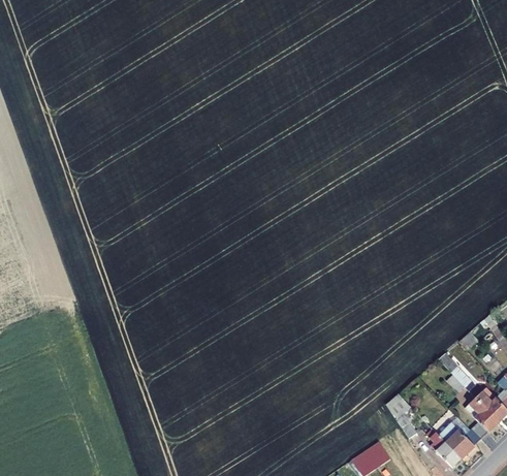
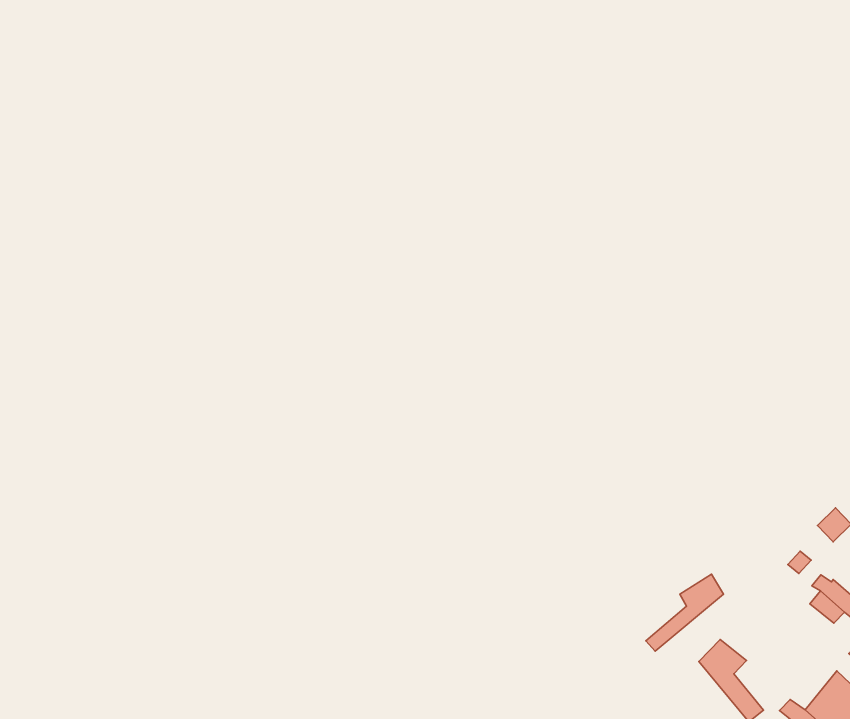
building: none -> [646,574,723,651]

